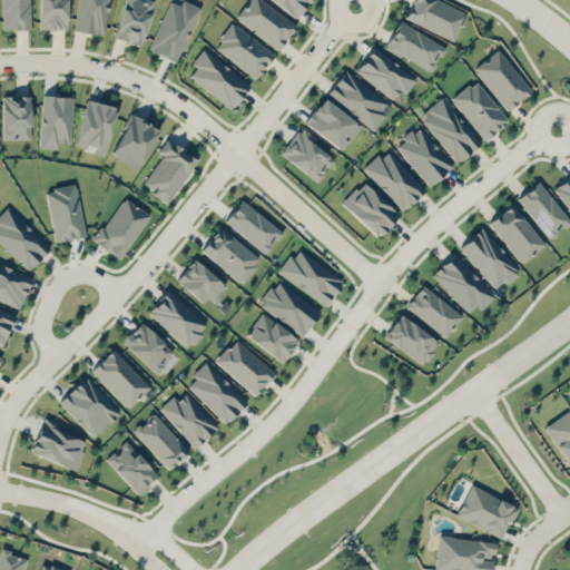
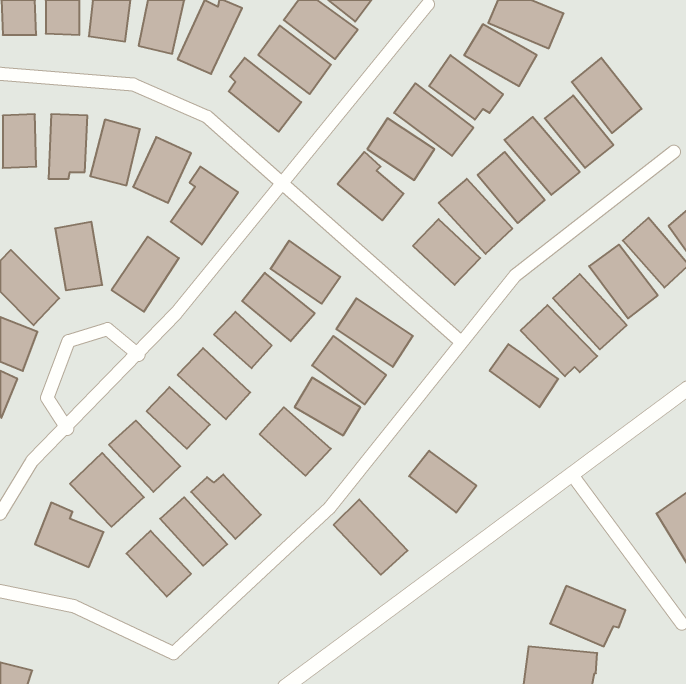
building: [384,316,440,367] -> [409,451,476,513]
building: [187,363,248,425] -> [334,499,408,575]

